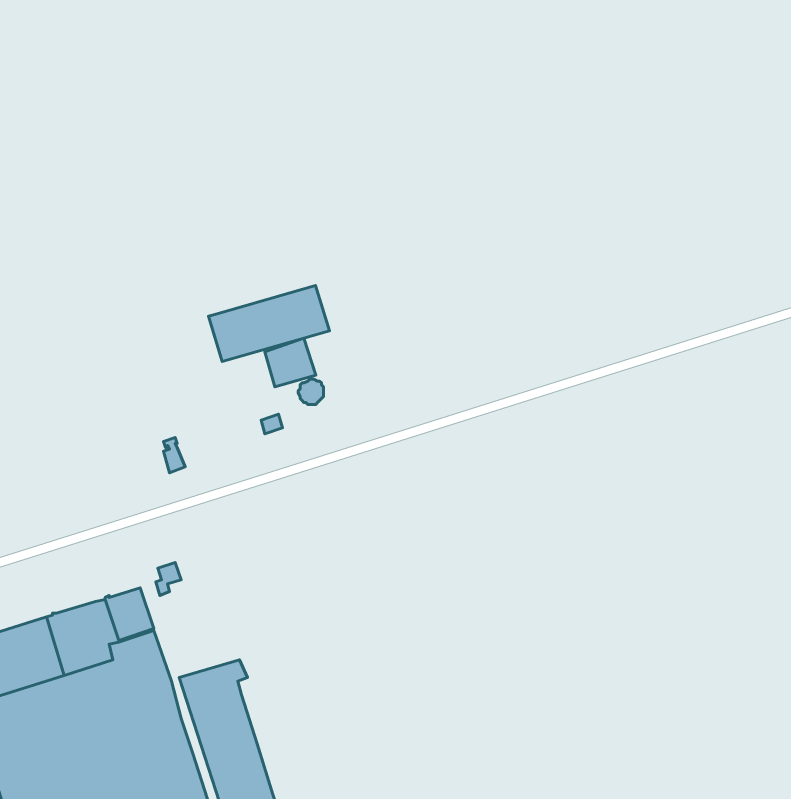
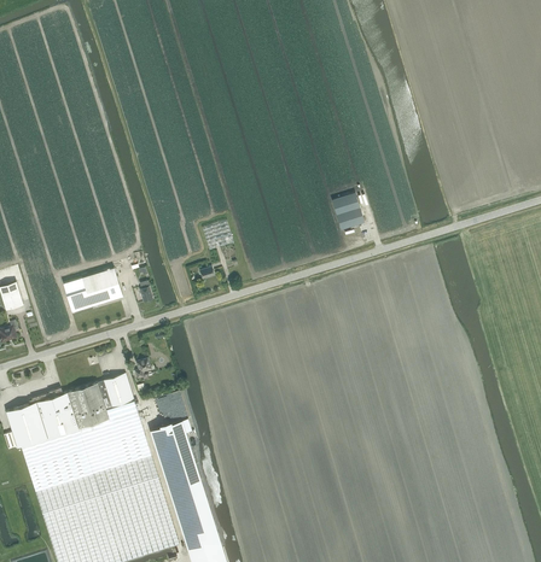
building: [209,286,329,361] -> none
building: none -> [332,194,365,230]
building: none -> [63,269,123,312]

